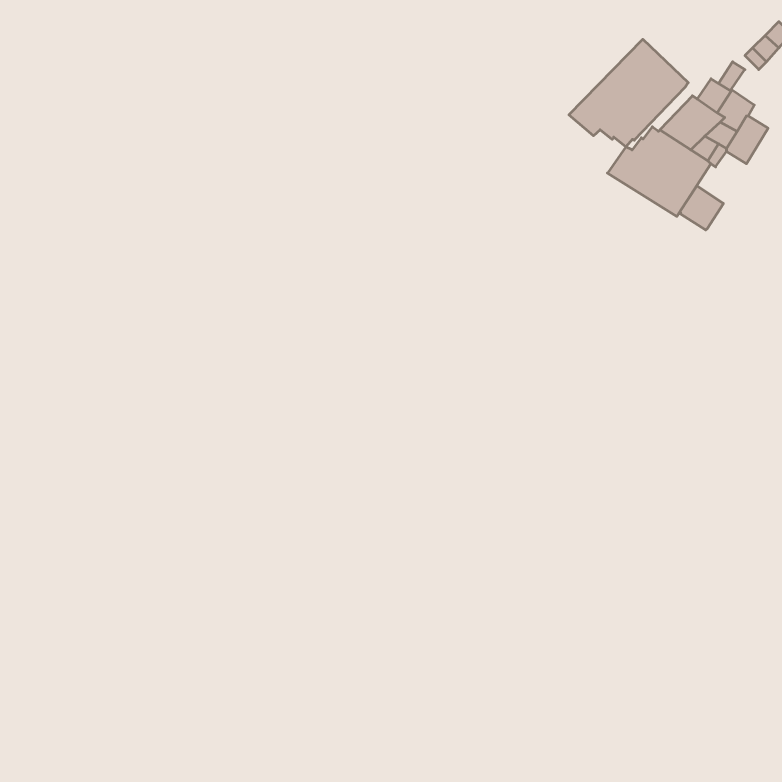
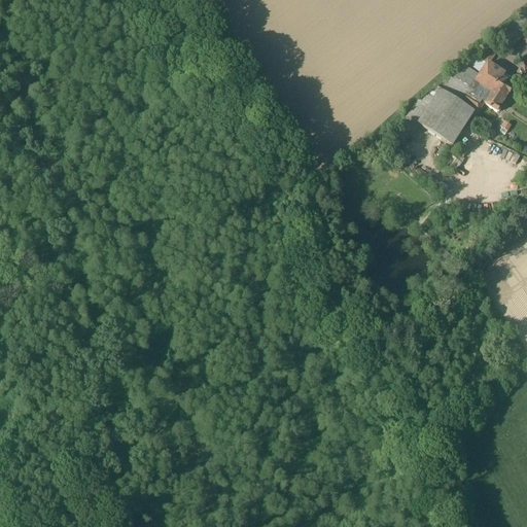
building: [569,39,688,147] -> none
building: [680,186,723,230] -> none

